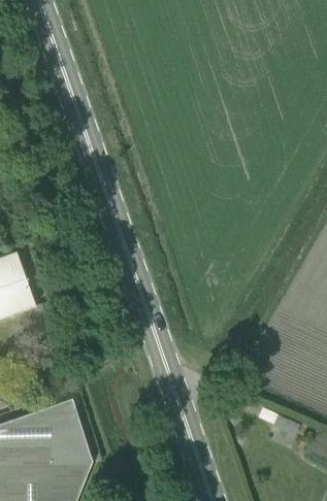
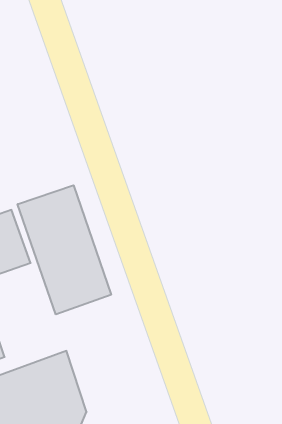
building: none -> [18,185,111,314]

